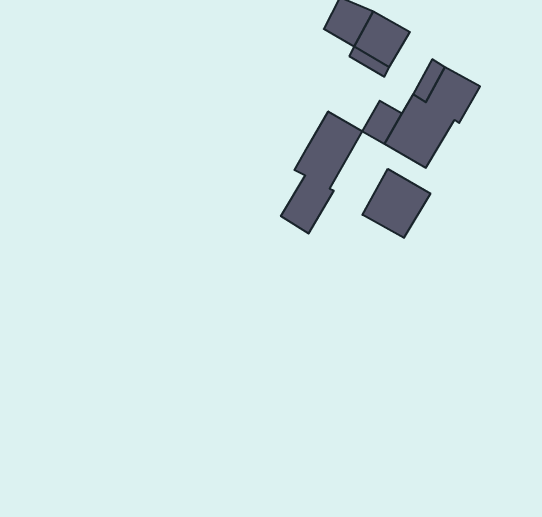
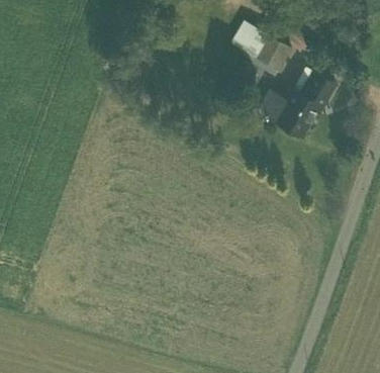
building: [281,111,362,234] -> none
building: [362,169,430,238] -> none

